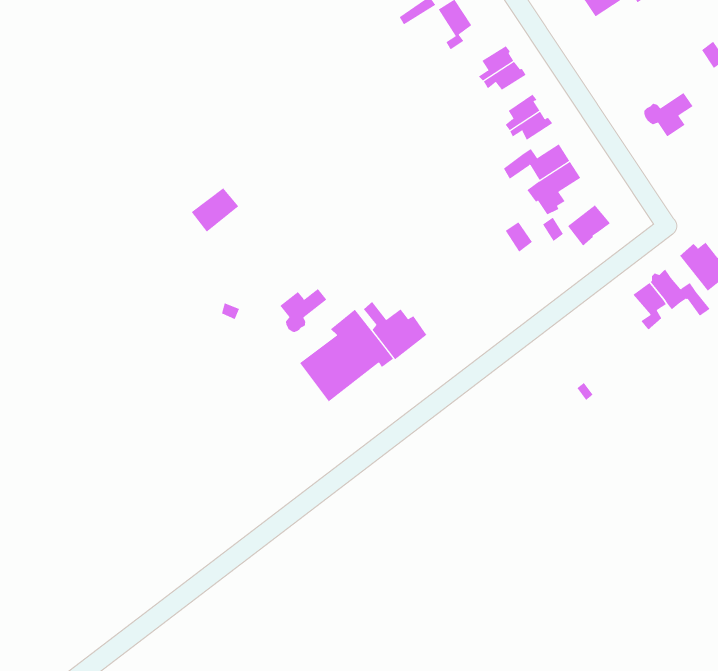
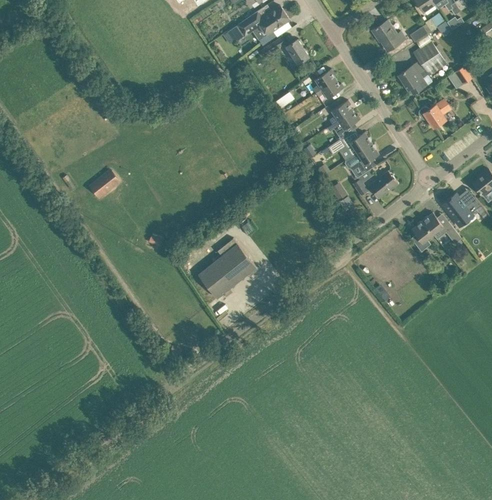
building: none -> [398,46,447,94]
building: [191,187,239,233] -> [89,169,120,198]
building: [280,288,327,333] -> none
building: [363,301,427,360] -> none

